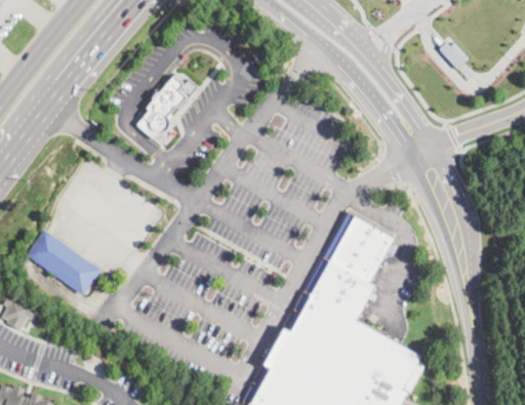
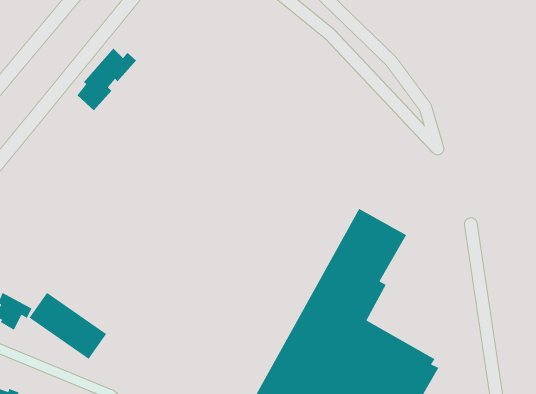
building: [140,77,198,137] -> [76,48,137,111]
building: [27,232,102,296] -> [28,292,107,360]

